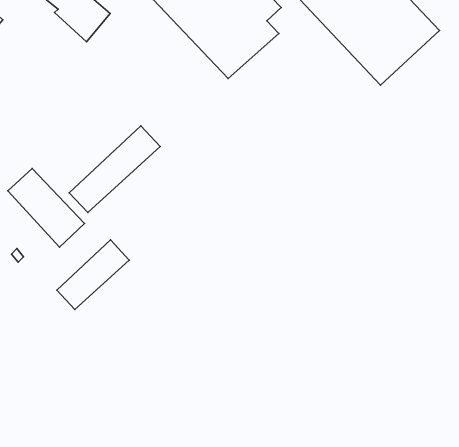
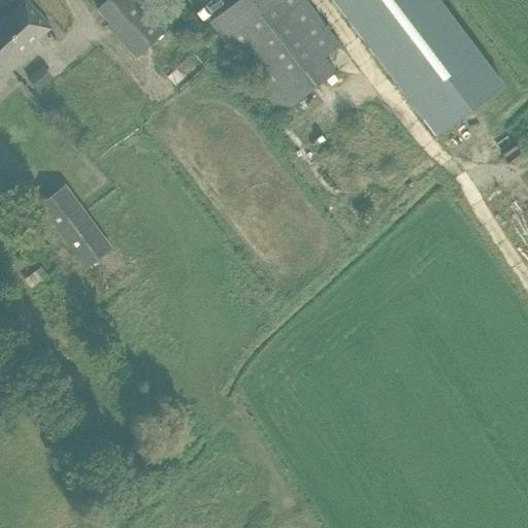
building: [69,126,160,213] -> none
building: [57,240,129,309] -> none

